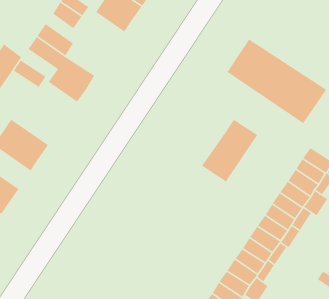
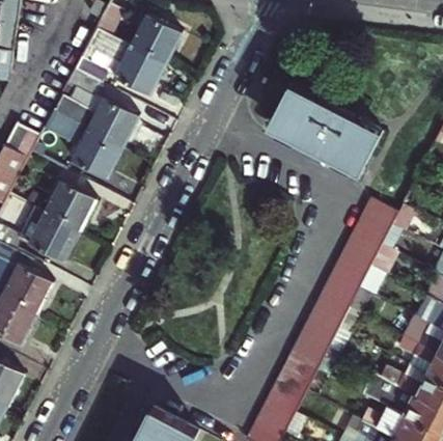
building: none -> [87,97,139,146]
building: none -> [45,181,95,229]
building: [201,119,258,183] -> none

